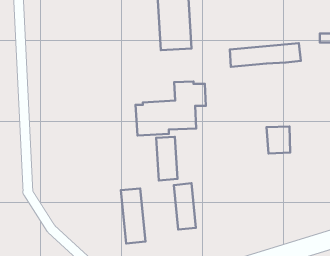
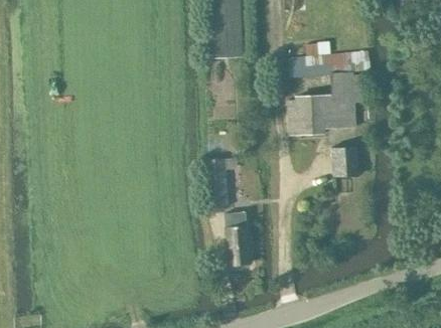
building: [136,81,206,136] -> [287,72,368,135]
building: [121,188,146,243] -> none

